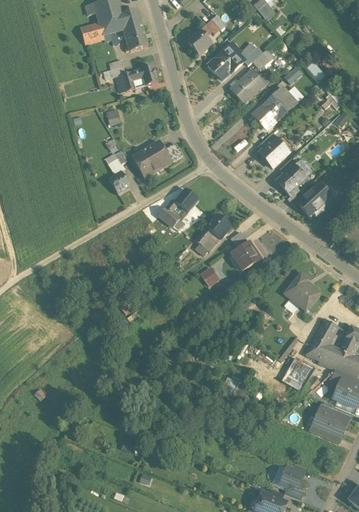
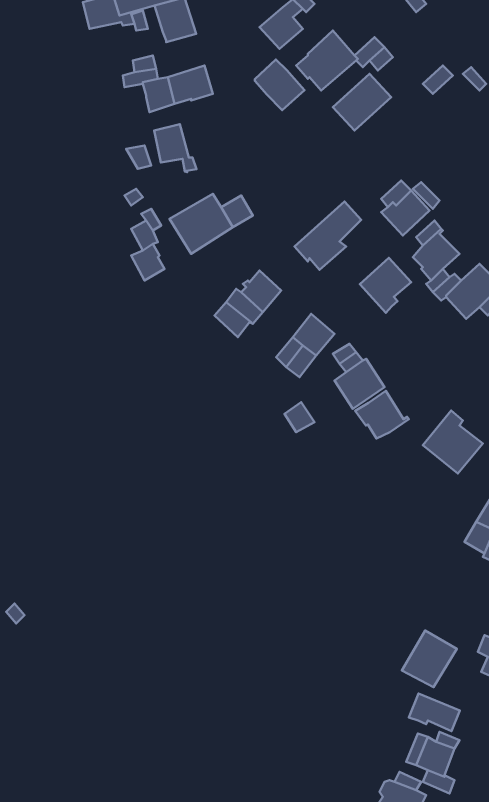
building: none -> [255,59,305,110]
building: [253,87,293,128] -> [294,202,361,270]
building: none -> [154,124,196,172]
building: none -> [360,258,411,313]
building: none -> [355,391,409,438]
building: [282,357,315,391] -> [402,630,457,687]
building: none -> [409,693,460,731]

